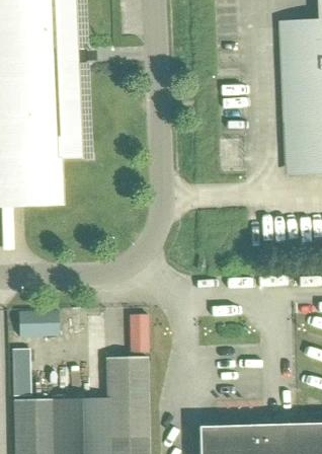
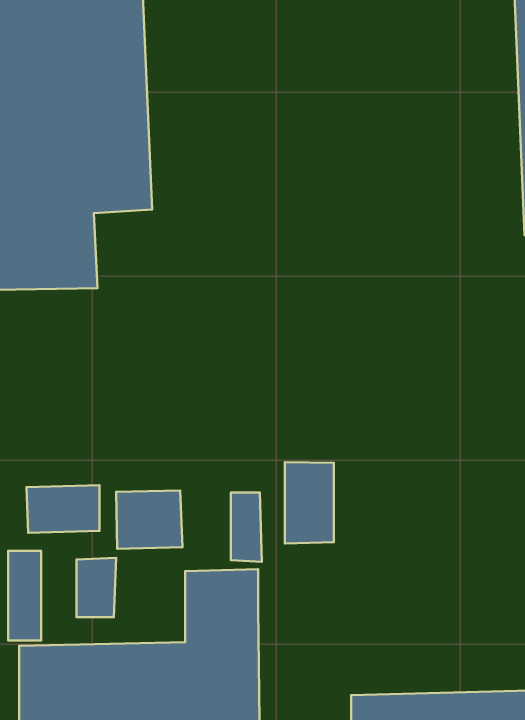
building: none -> [285,462,334,544]
building: none -> [116,490,183,549]
building: none -> [76,558,116,617]

